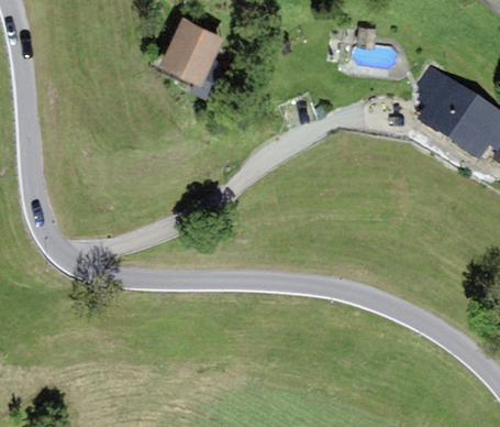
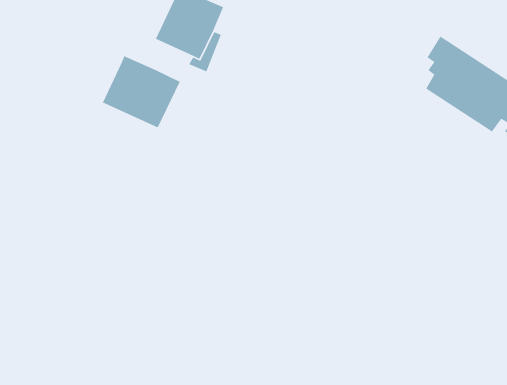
building: none -> [102,55,181,128]

